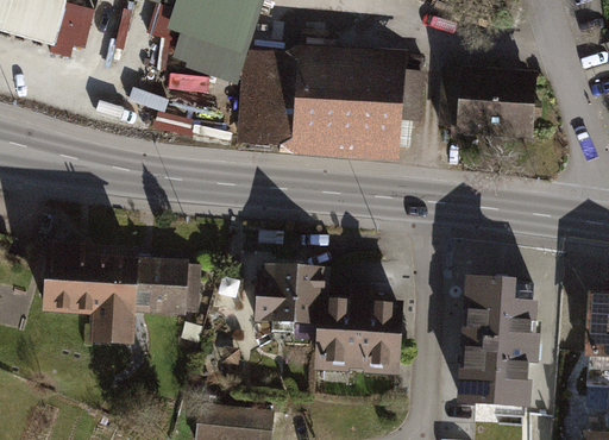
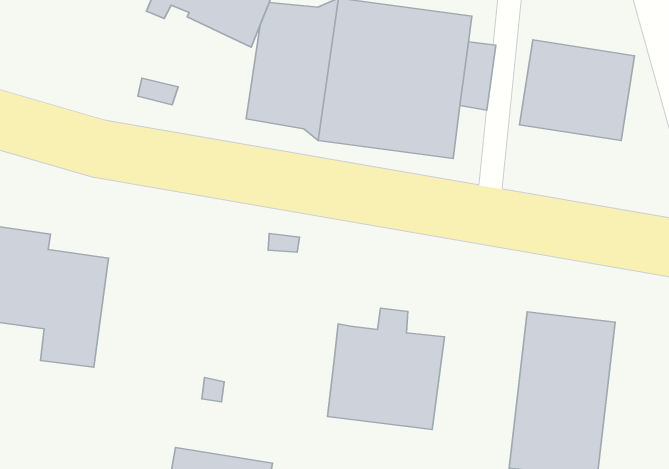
building: [134,257,203,313] -> none
building: [256,262,332,322] -> none

